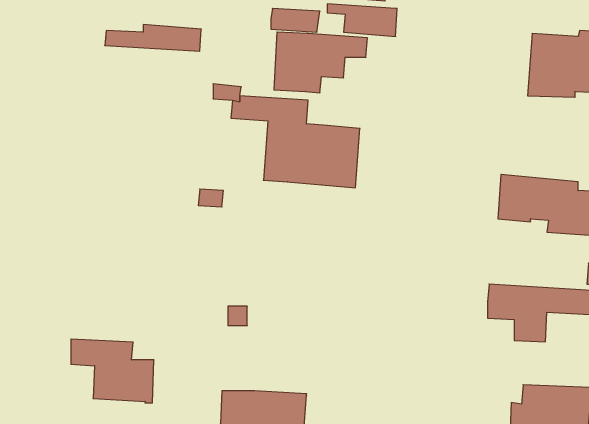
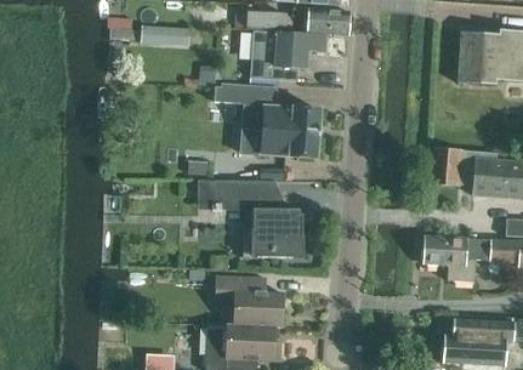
building: none -> [212,181,303,258]
building: [71,339,154,403] -> [216,275,284,328]

